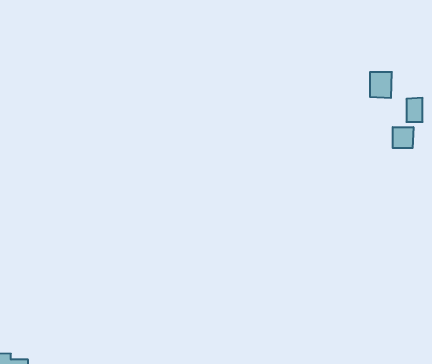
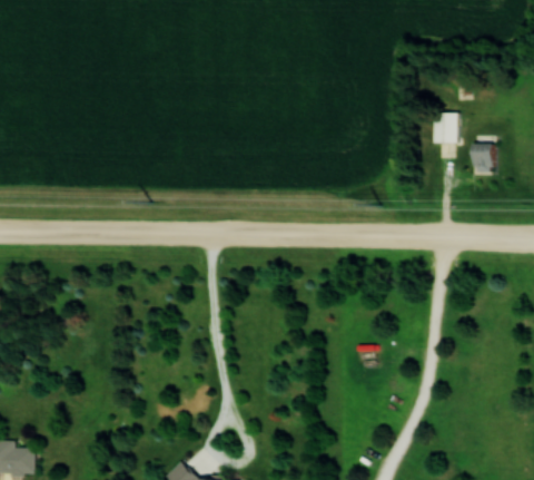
building: [393,127,413,148] -> none

